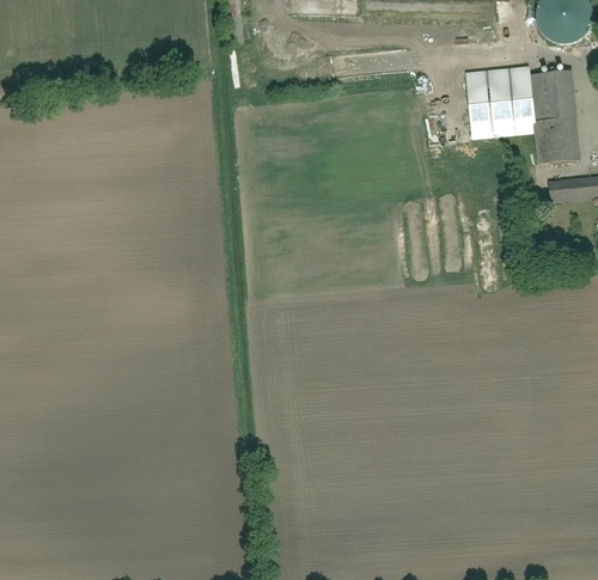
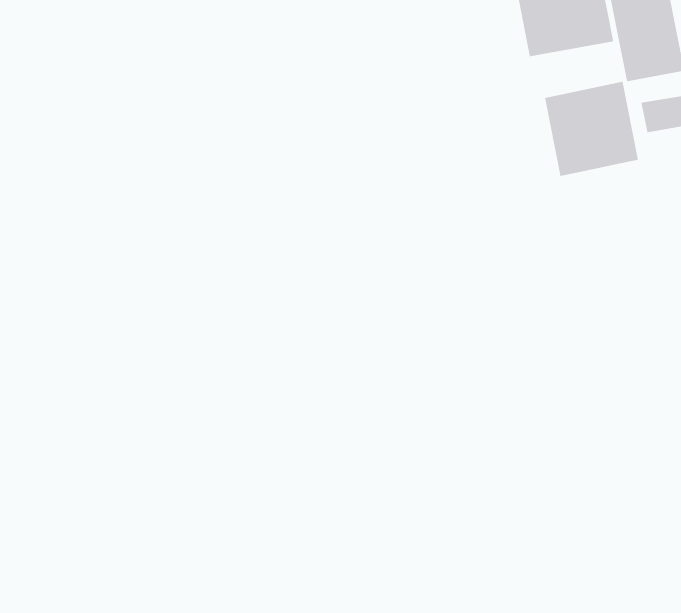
building: none -> [544,81,639,177]

